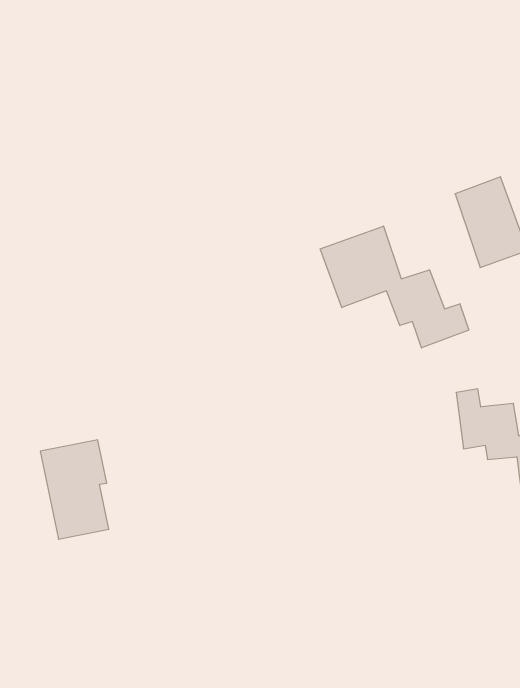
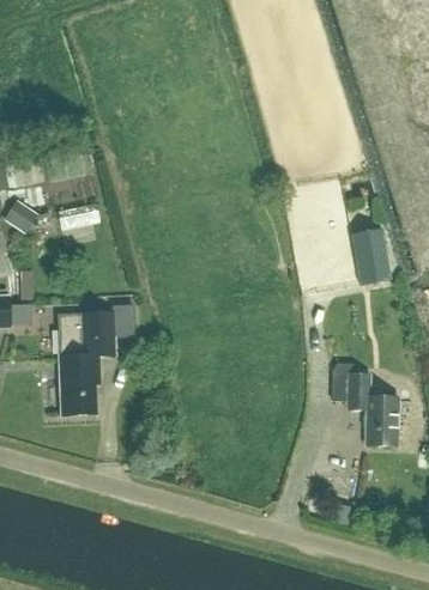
building: [320,226,469,348] -> none
building: none -> [59,304,134,355]

